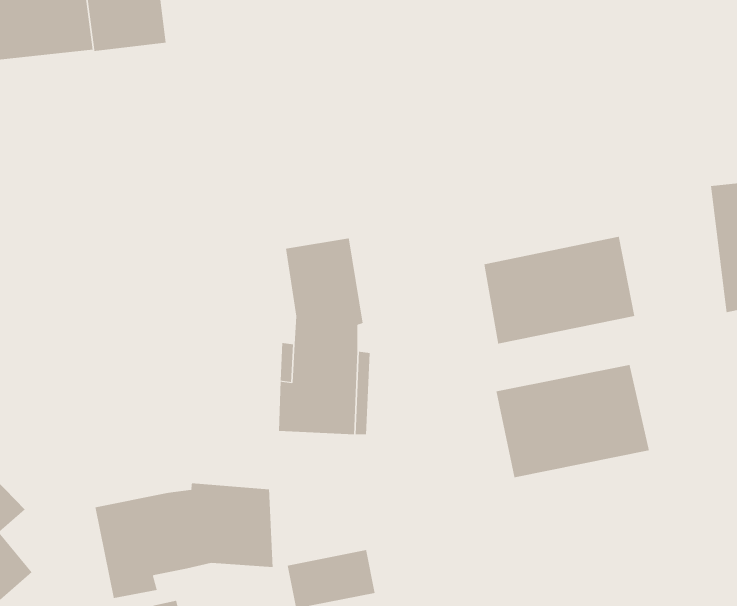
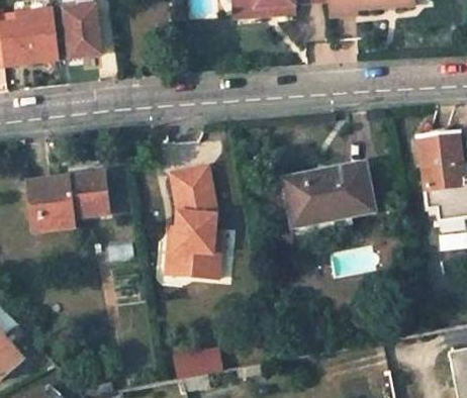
building: none -> [29,174,109,231]
building: [496,364,650,478] -> none
building: [95,483,273,599] -> none

